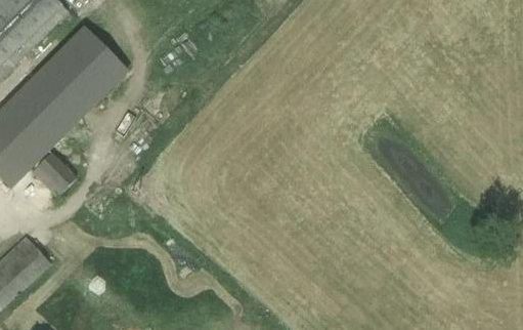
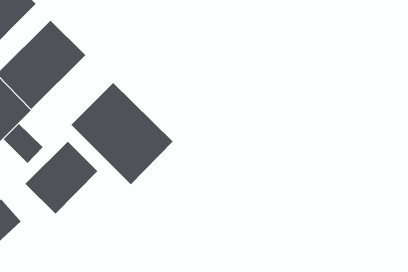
building: none -> [70,82,173,185]
building: none -> [24,141,98,214]

